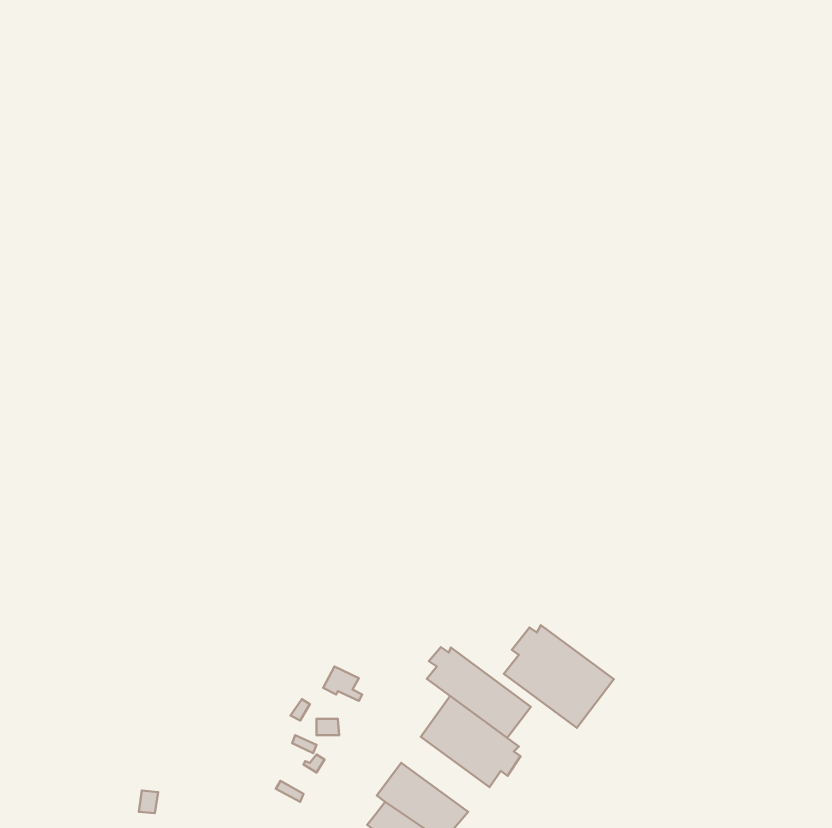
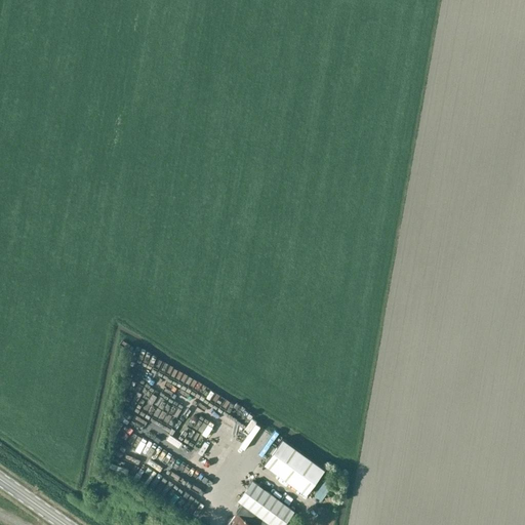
building: [504,625,614,728] -> none
building: [427,647,531,738] -> none

